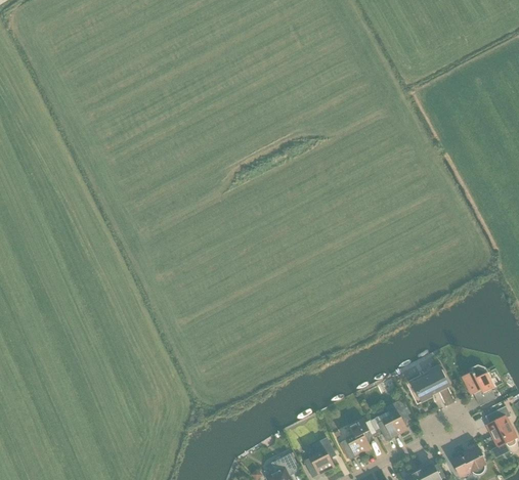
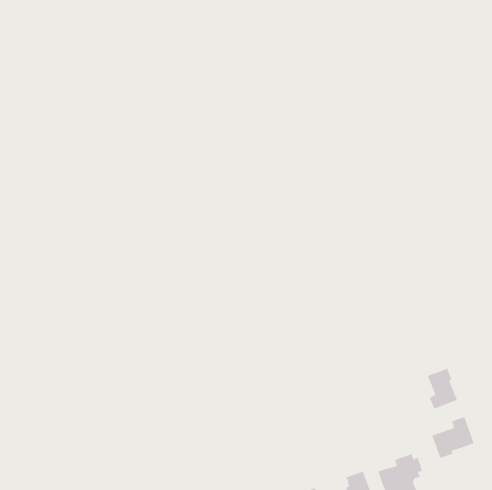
building: none -> [427,368,458,409]

